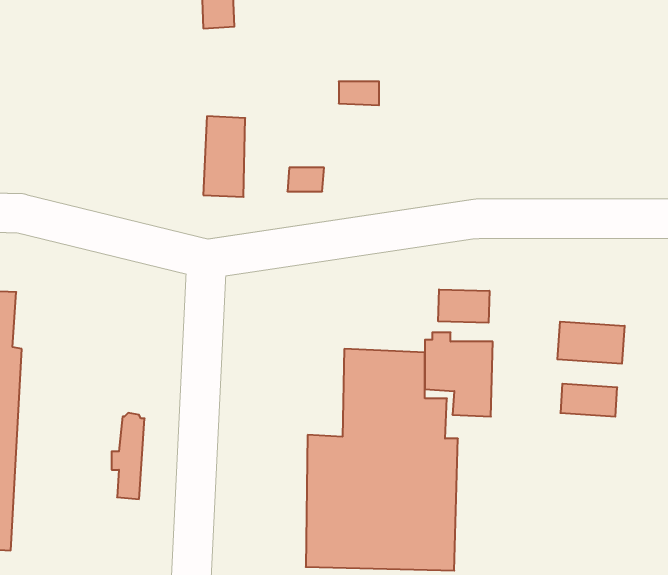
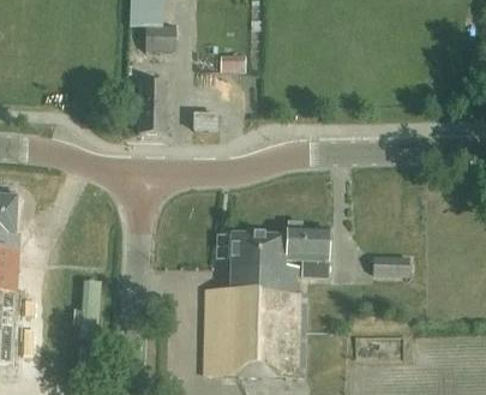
building: none -> [143,25,174,52]
building: [438,289,489,323] -> none
building: [557,322,625,364] -> none

